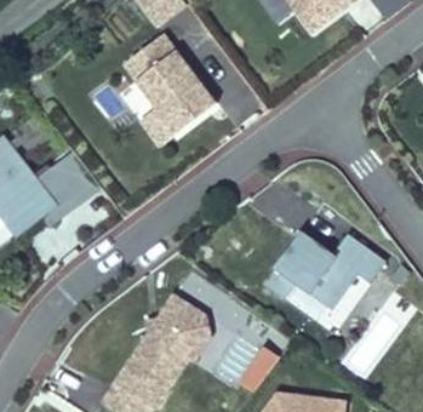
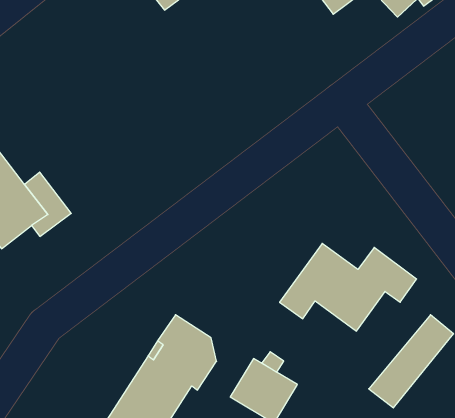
building: [121,33,213,132] -> none
building: [51,151,101,204] -> none

